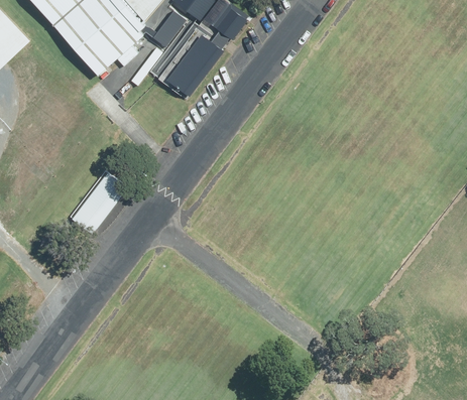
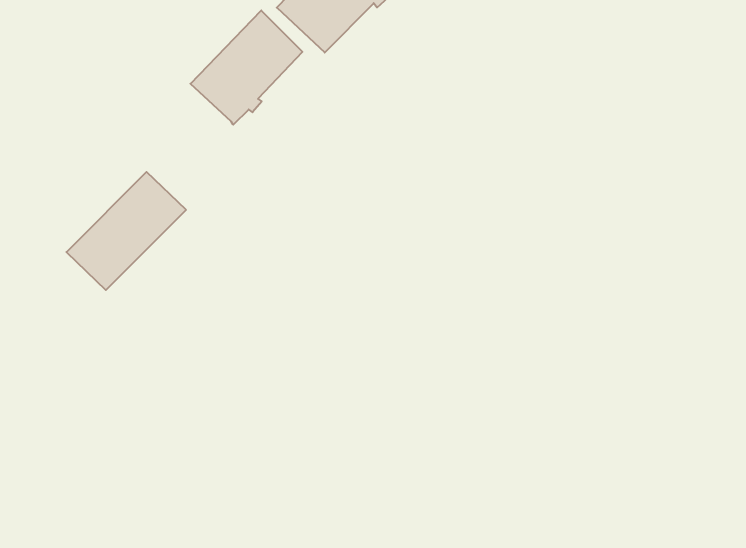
building: none -> [190,10,302,125]

